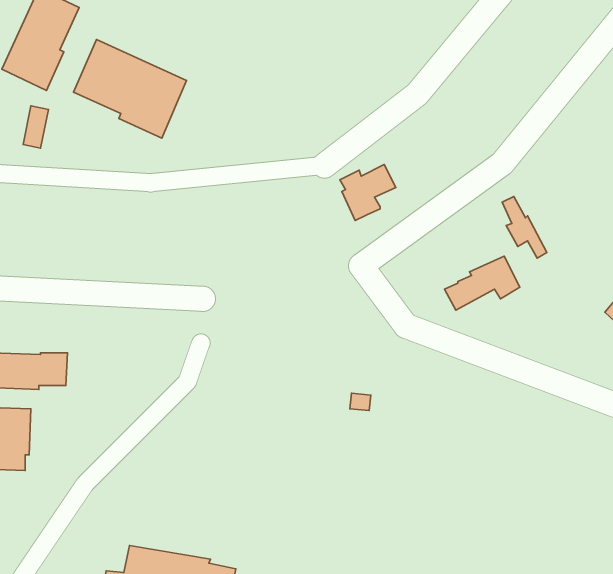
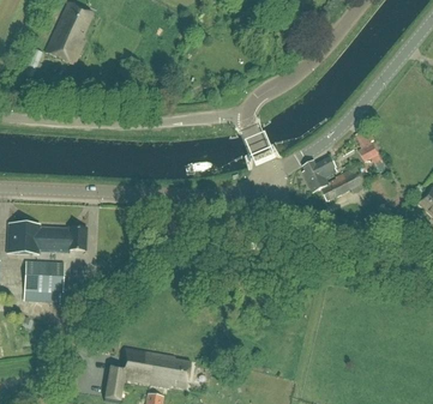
building: [74,40,187,138] -> none
building: [340,165,396,220] -> [302,157,337,192]

